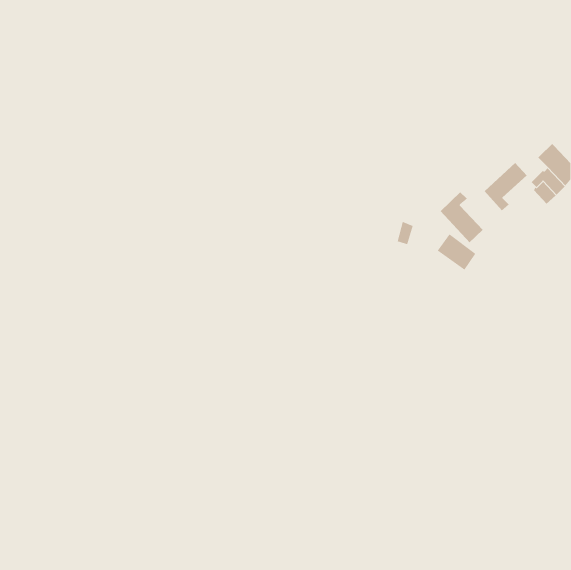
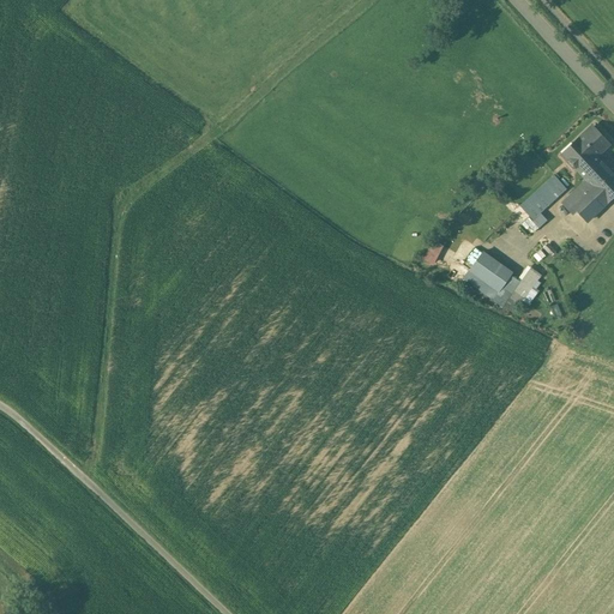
building: none -> [566,126,608,168]
building: [440,191,484,243] -> none

